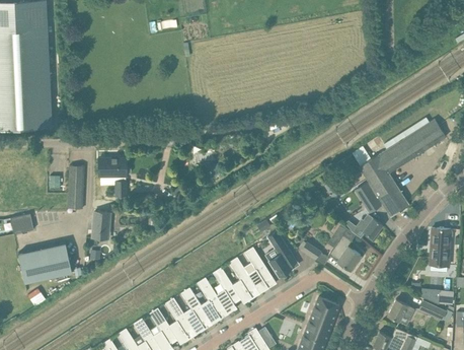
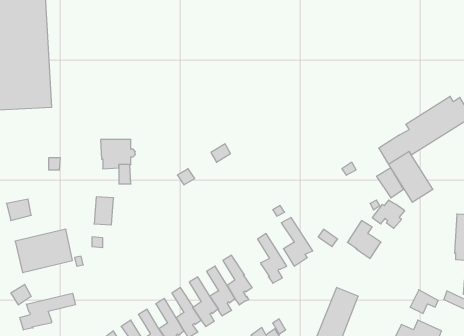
building: [68,165,84,209] -> none
building: [229,257,256,303] -> none
building: none -> [20,293,75,330]

